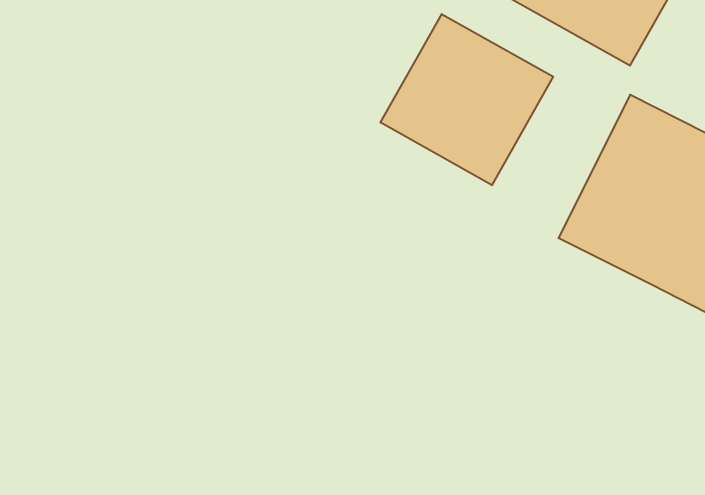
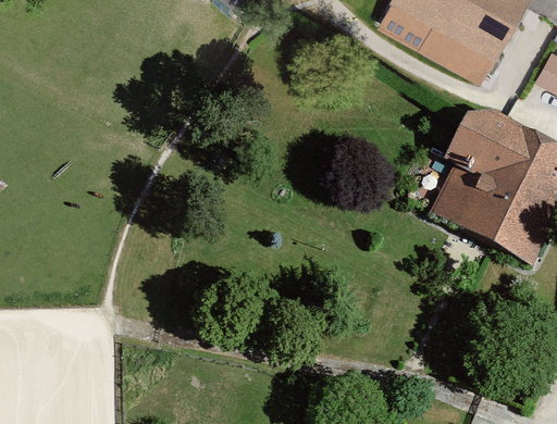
building: [380,14,553,185] -> none

